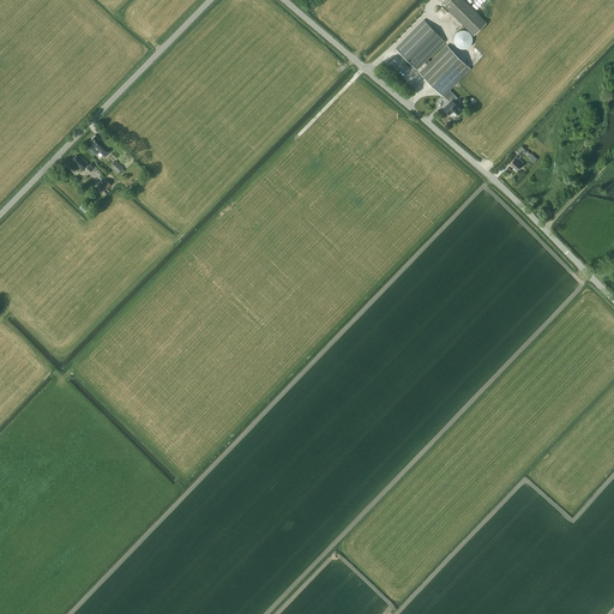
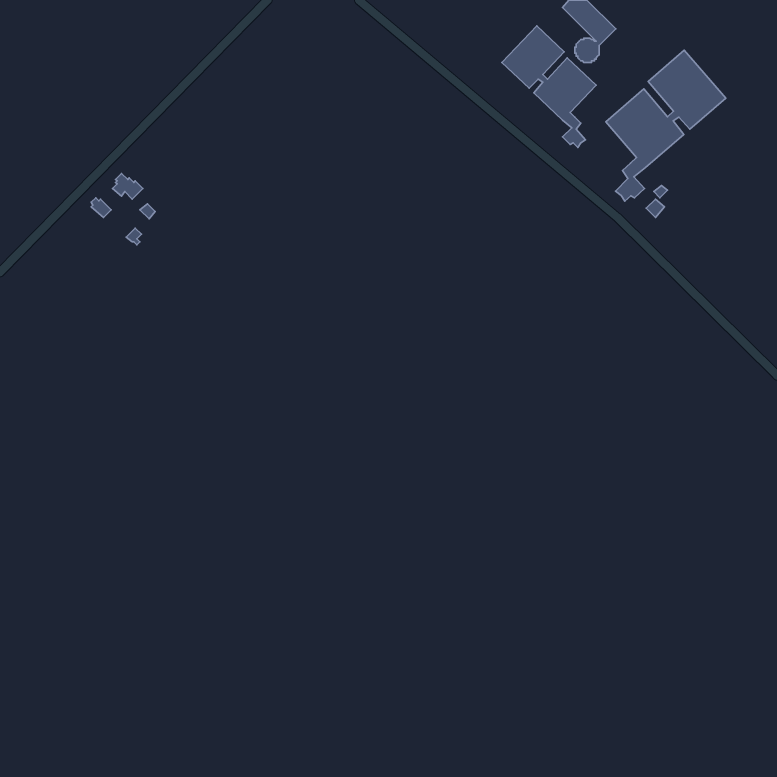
building: none -> [606,50,726,201]

